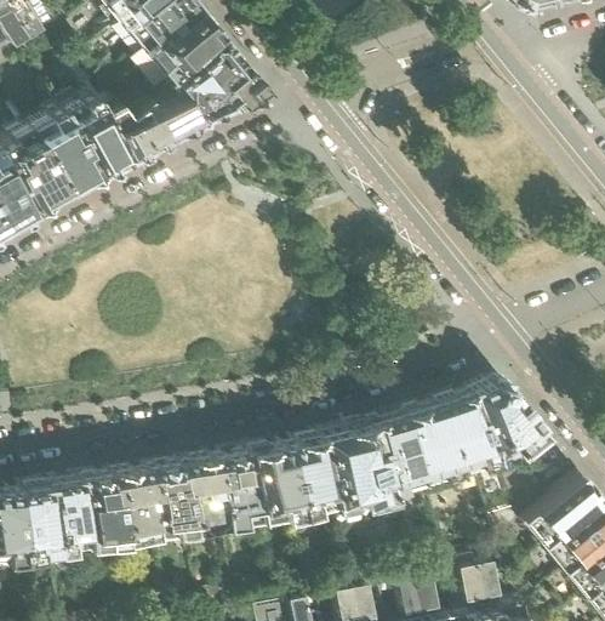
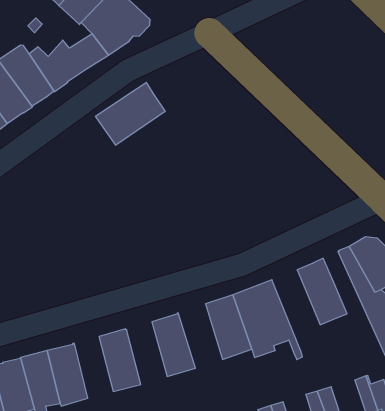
building: none -> [96,82,165,145]
building: [439,400,486,494] -> none
building: [372,417,426,519] -> none
building: [251,446,299,525] -> none
building: [184,461,228,537] -> none
building: [118,473,159,547] -> none

